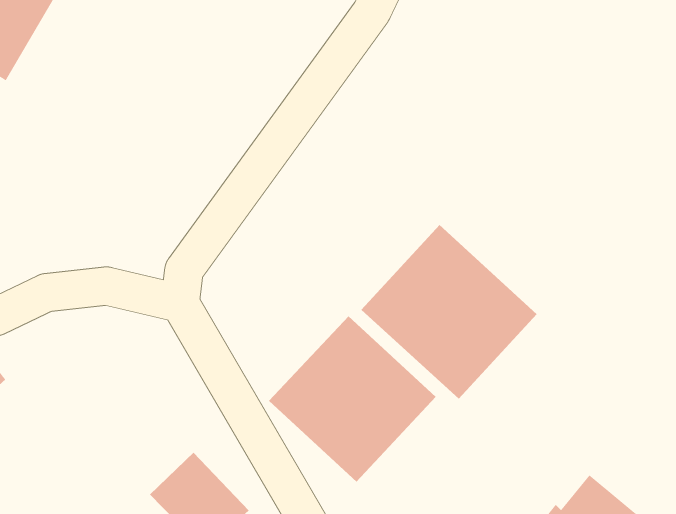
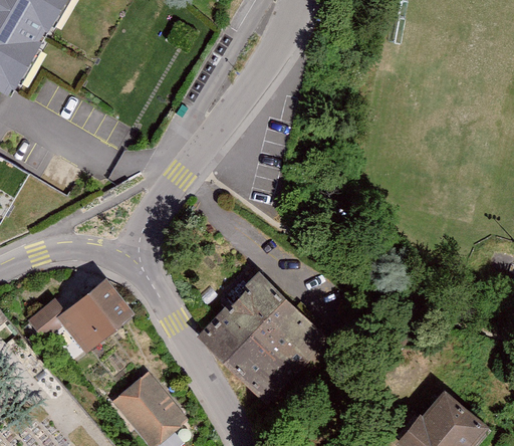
building: [361,224,538,399] -> none
building: none -> [26,278,134,355]

